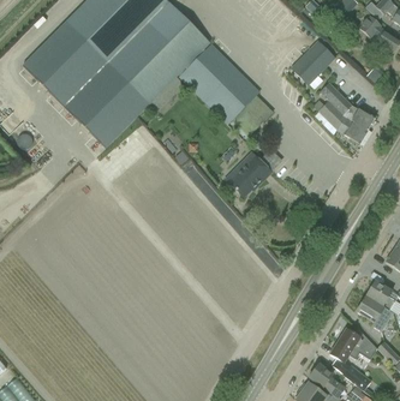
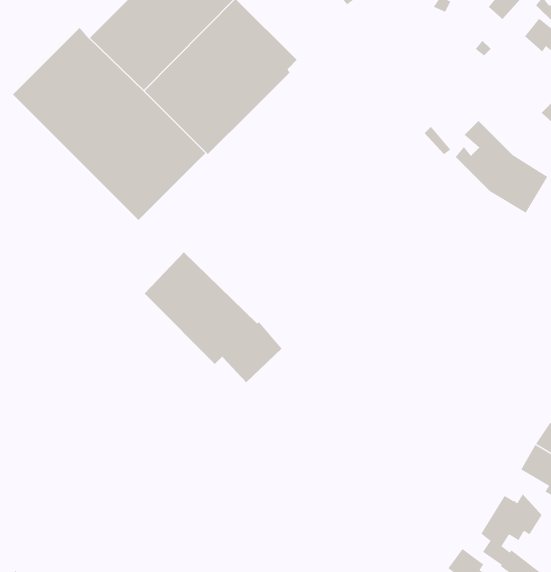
building: [289,38,334,84] -> none
building: [179,48,270,134] -> [144,251,283,383]
building: [227,150,271,196] -> none

